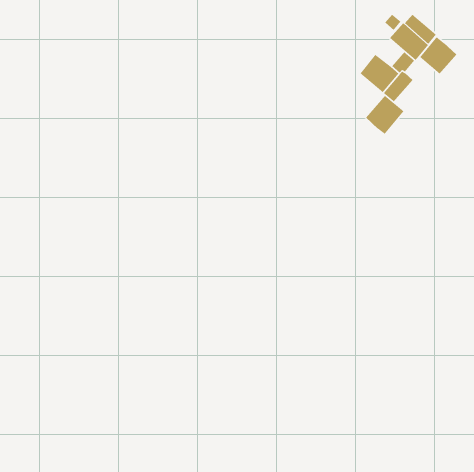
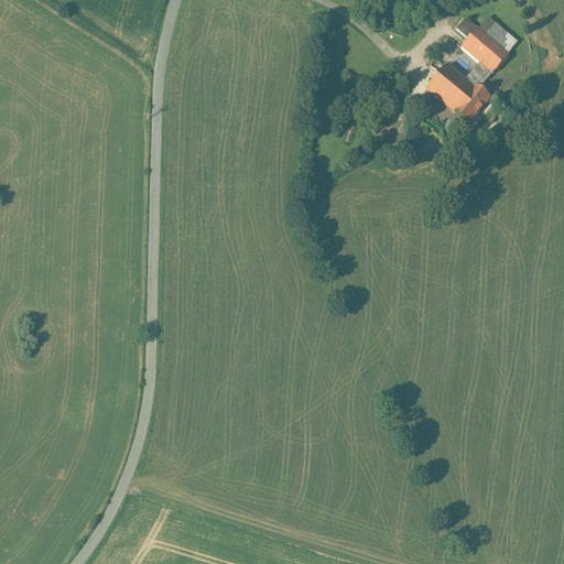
building: [419,36,457,74] -> none
building: [365,95,404,135] -> none

